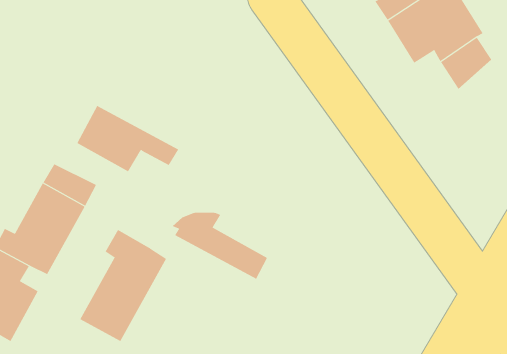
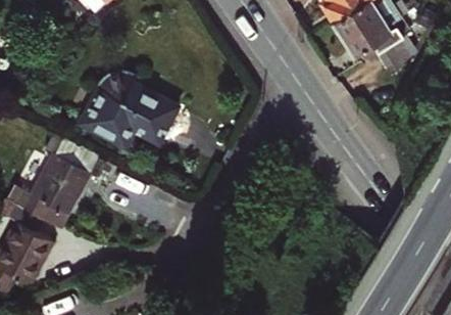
building: [172,212,268,279] -> [97,74,174,128]
building: [79,229,167,342] -> none

